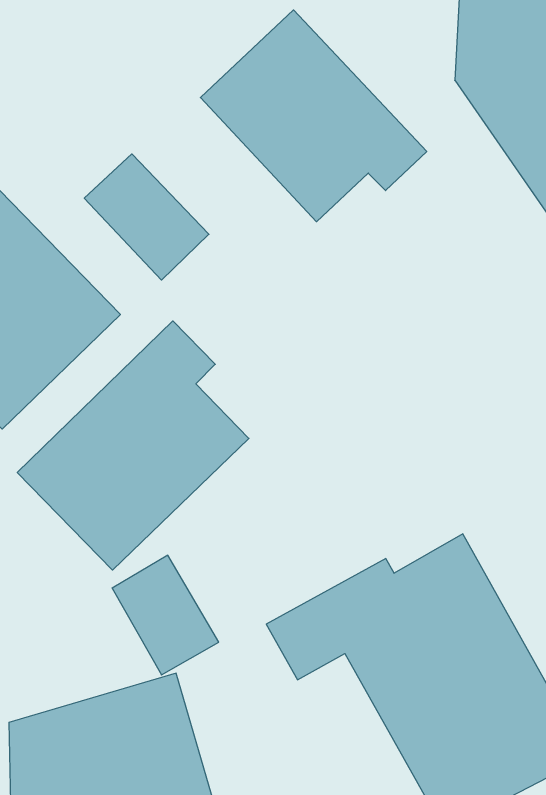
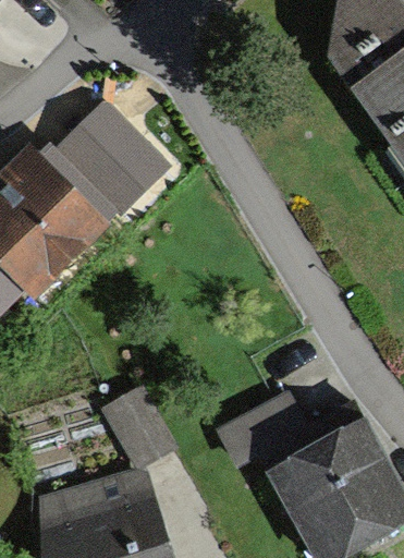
building: [200,10,427,222] -> none
building: [17,321,249,570] -> none

